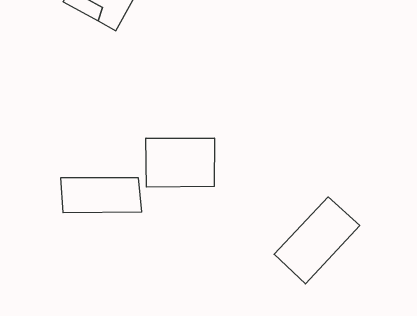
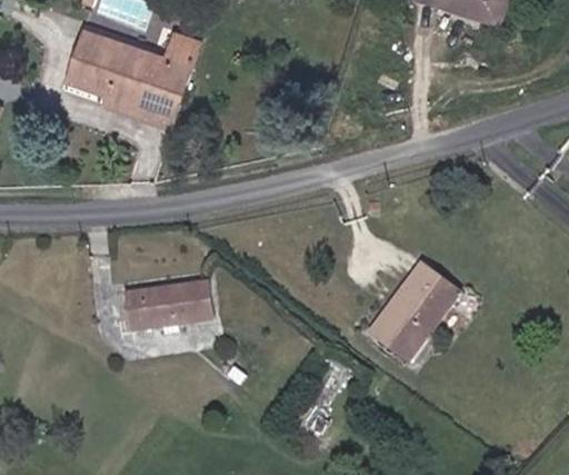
building: [146,138,214,187] -> none

